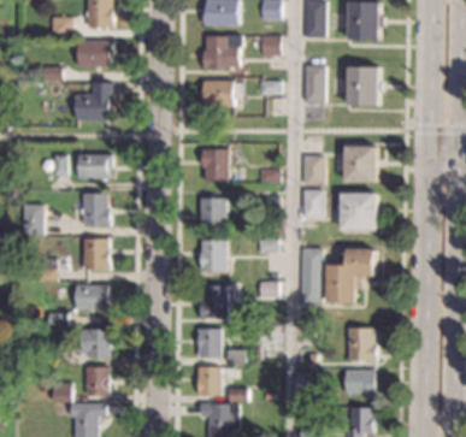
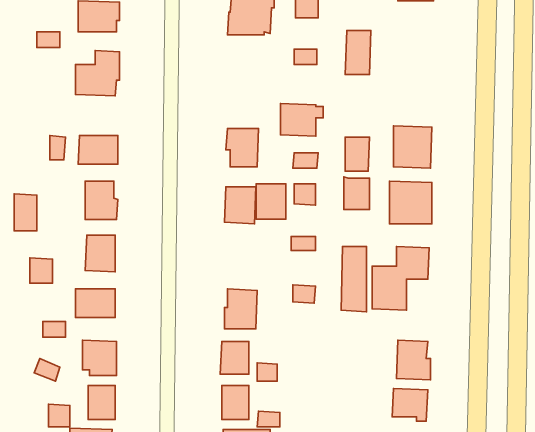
building: [347,66,378,105] -> none
building: [205,79,241,107] -> [280,104,323,136]
building: [202,240,228,270] -> [256,184,286,219]

